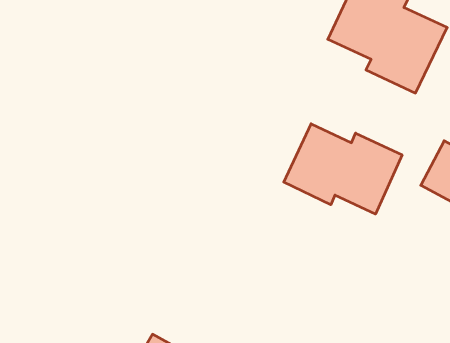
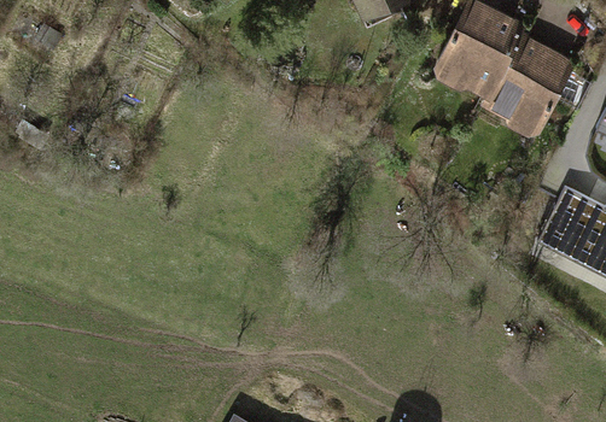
building: [284,124,402,214] -> none

